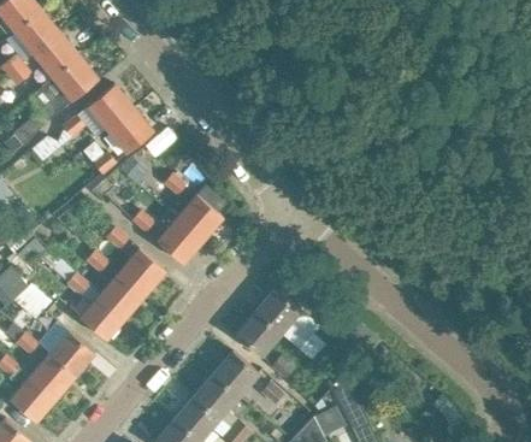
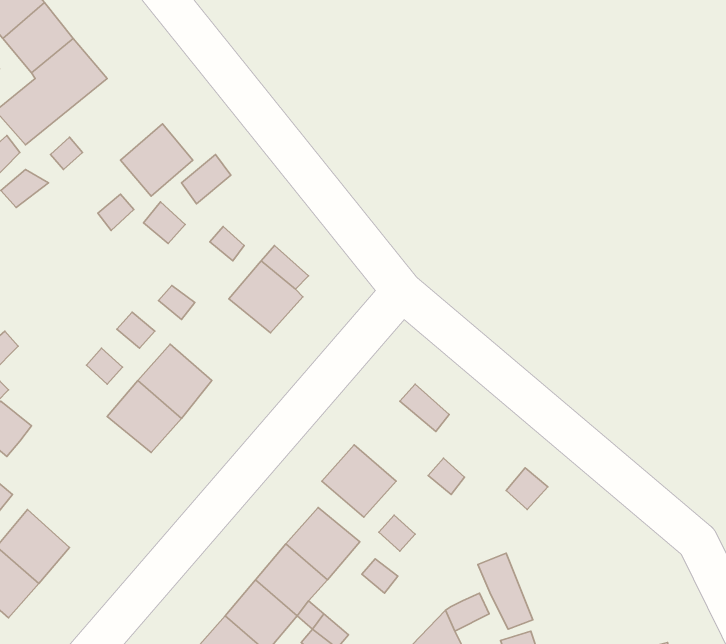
building: [87,84,134,131] -> none
building: [157,219,202,264] -> none
building: [66,272,126,340] -> none
building: [255,288,301,335] -> none
building: [48,330,95,377] -> none

